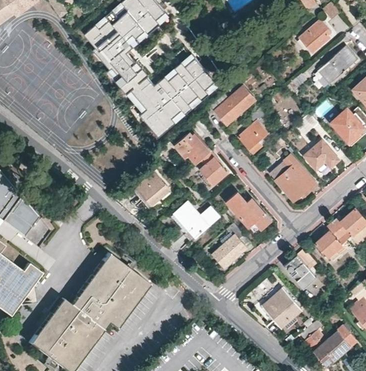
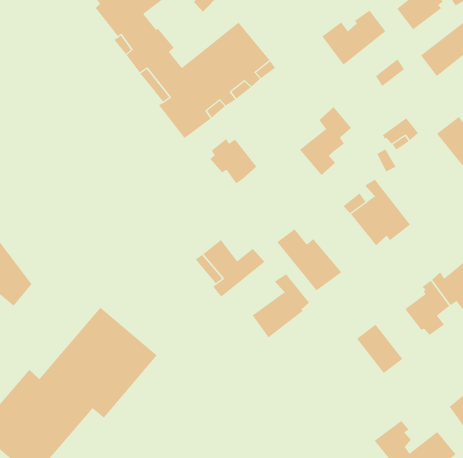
building: [211,86,255,125] -> [321,10,386,65]
building: [304,140,340,169] -> none
building: [201,151,227,183] -> none
building: [132,171,169,209] -> none
building: [261,286,302,327] -> none

